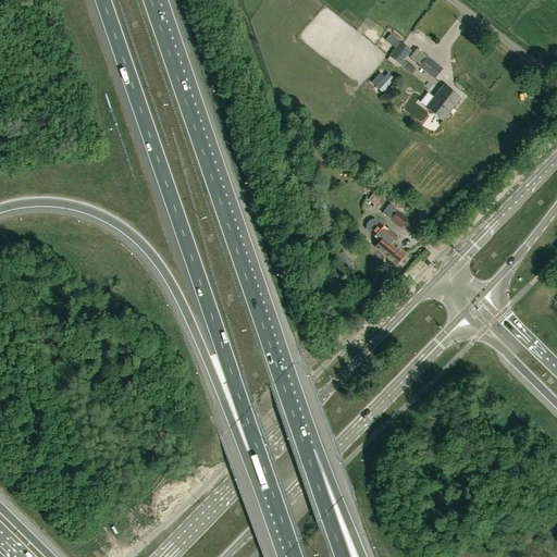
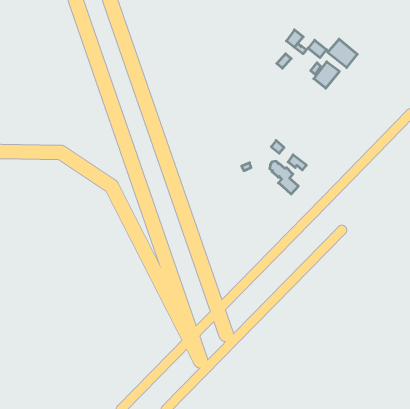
building: none -> [328,39,357,68]

